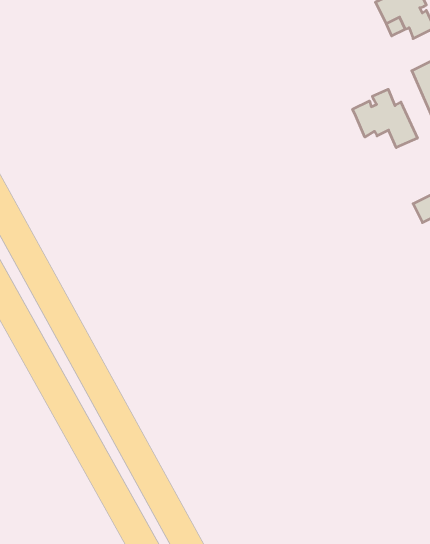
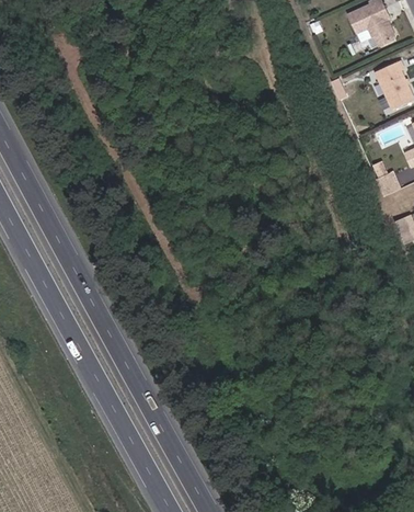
building: [353,89,417,148] -> none

